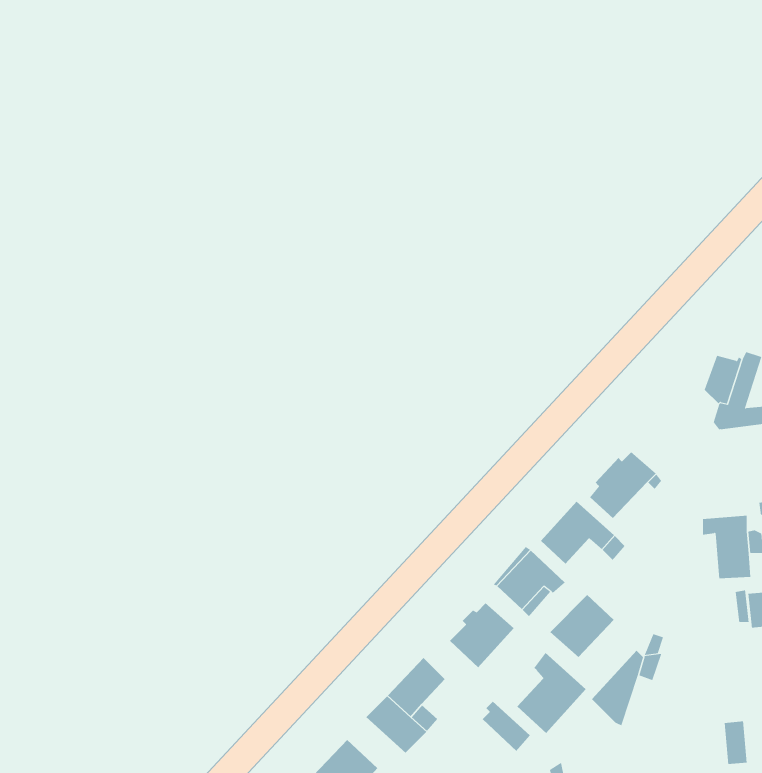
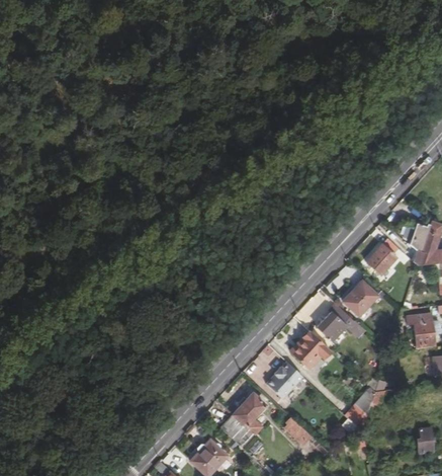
building: none -> [366,238,400,275]
building: [550,594,614,658] -> none
building: [517,652,586,734] -> none

